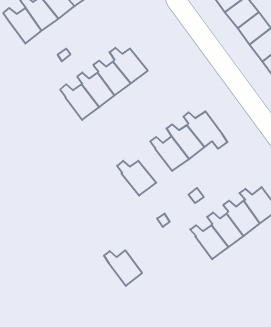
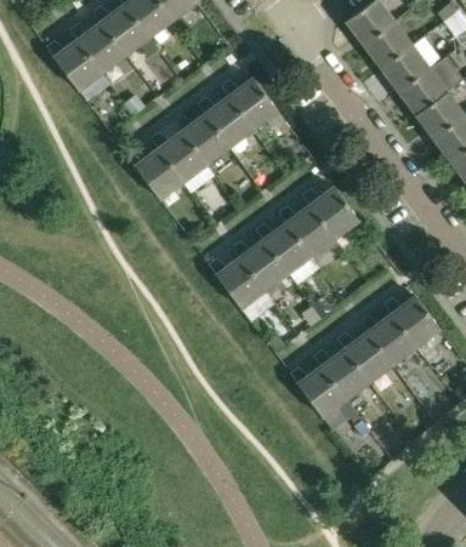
building: none -> [223,79,292,137]
building: none -> [234,241,289,290]
building: [104,250,142,286] -> [291,366,346,417]

